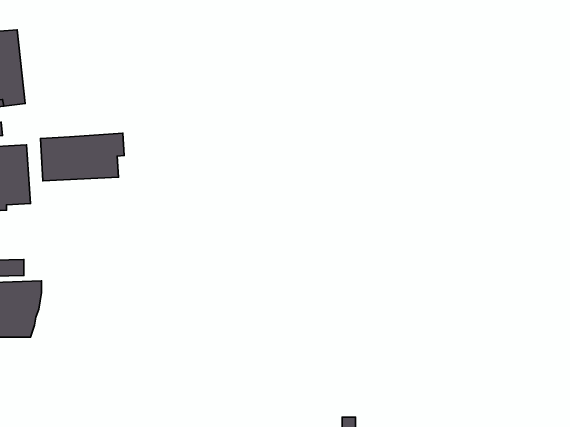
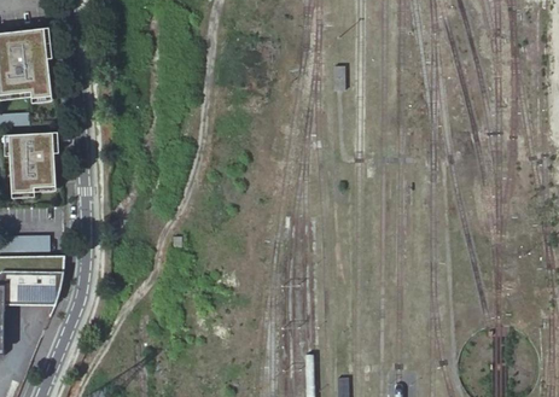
building: [40,133,124,181] -> none

